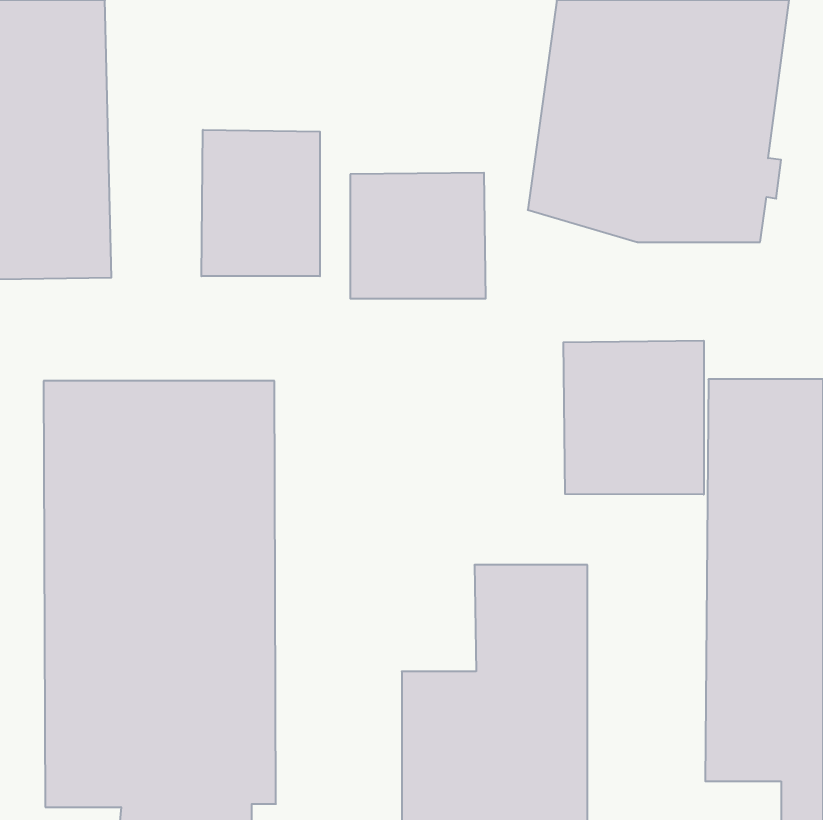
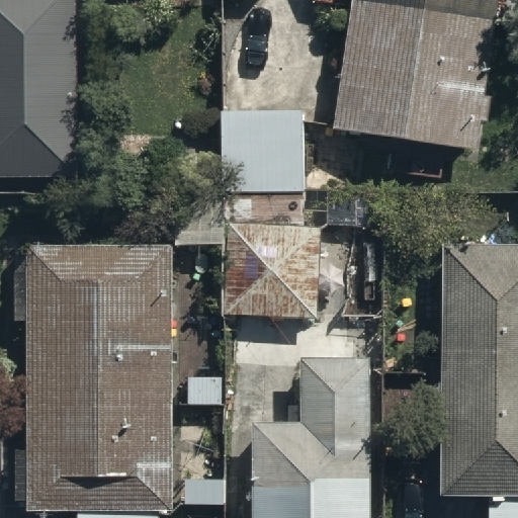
building: [201,130,320,276] -> none
building: [563,341,704,495] -> none
building: none -> [229,224,315,313]

